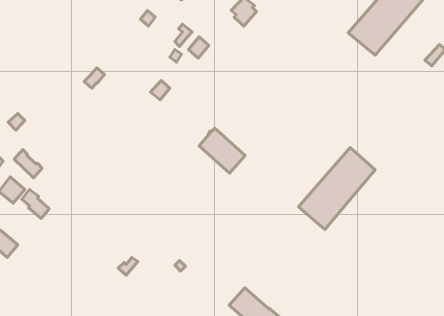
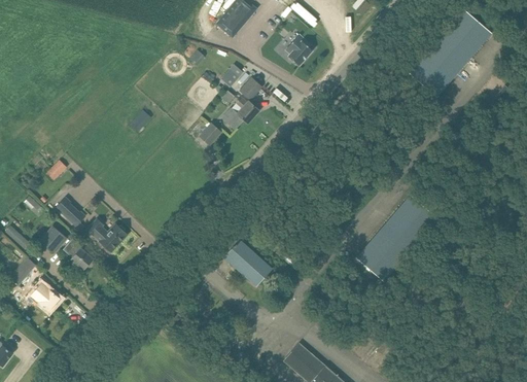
building: none -> [221,97,257,129]
building: [199,128,245,173] -> [223,240,272,287]
building: none -> [85,218,127,252]

